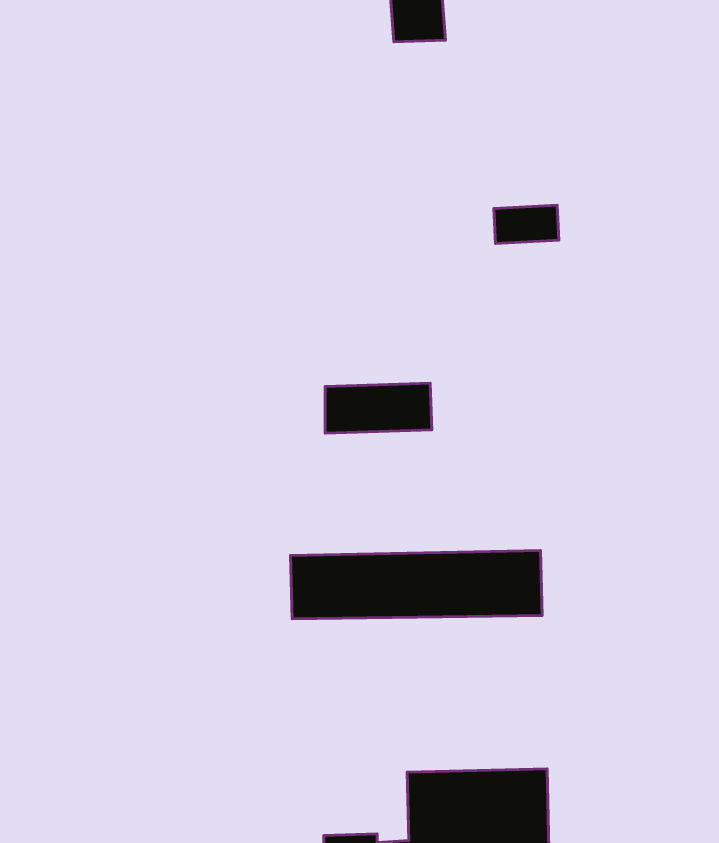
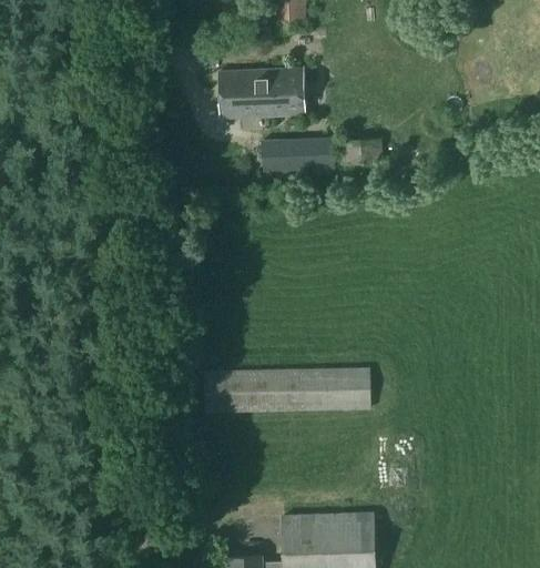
building: none -> [217,70,303,118]
building: [325,383,432,433] -> [262,138,333,171]

